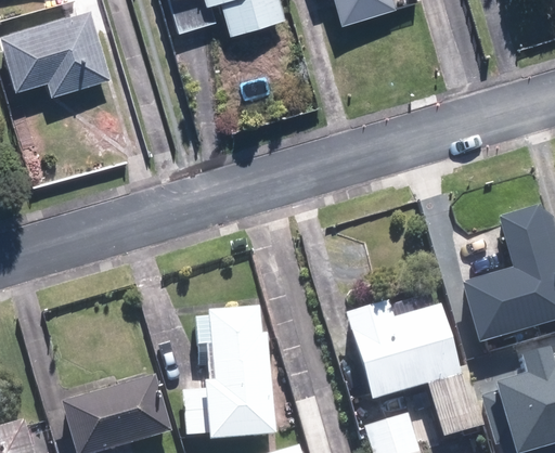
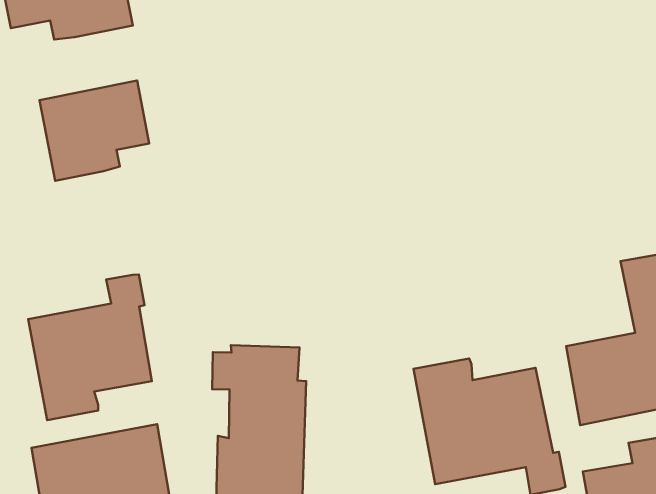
building: none -> [40,81,149,181]
building: none -> [28,275,152,420]

